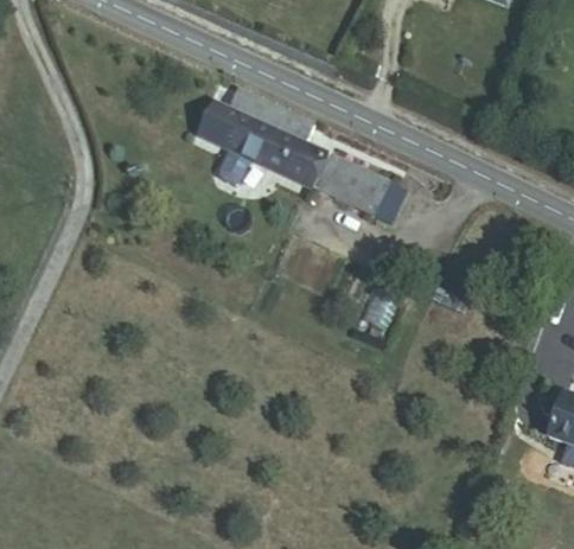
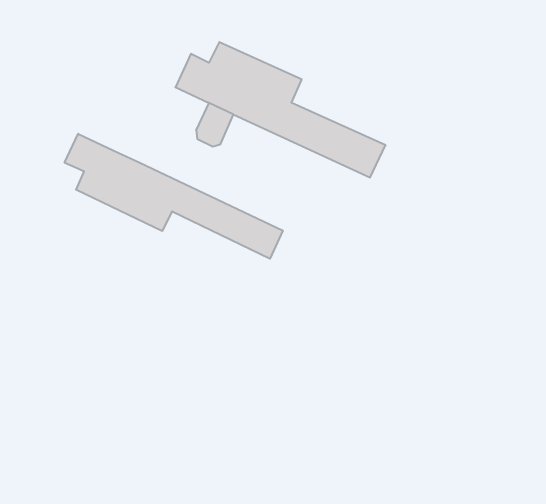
building: none -> [65,134,283,259]

